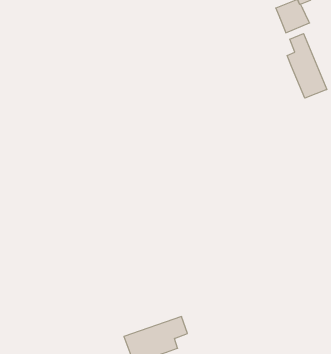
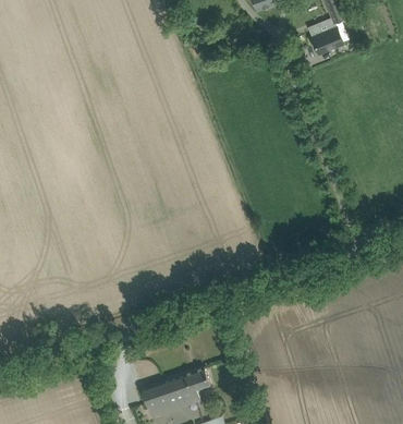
building: [287,34,327,98] -> none

